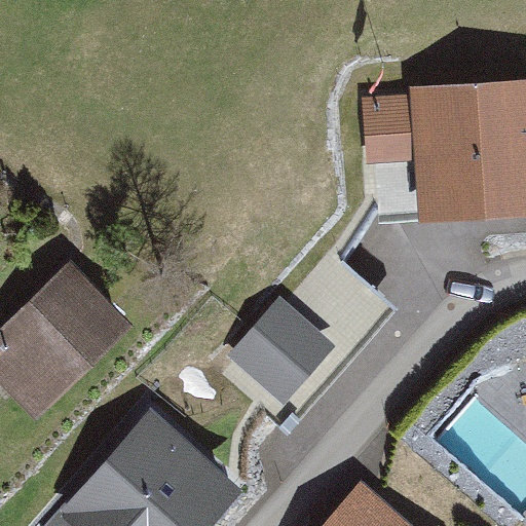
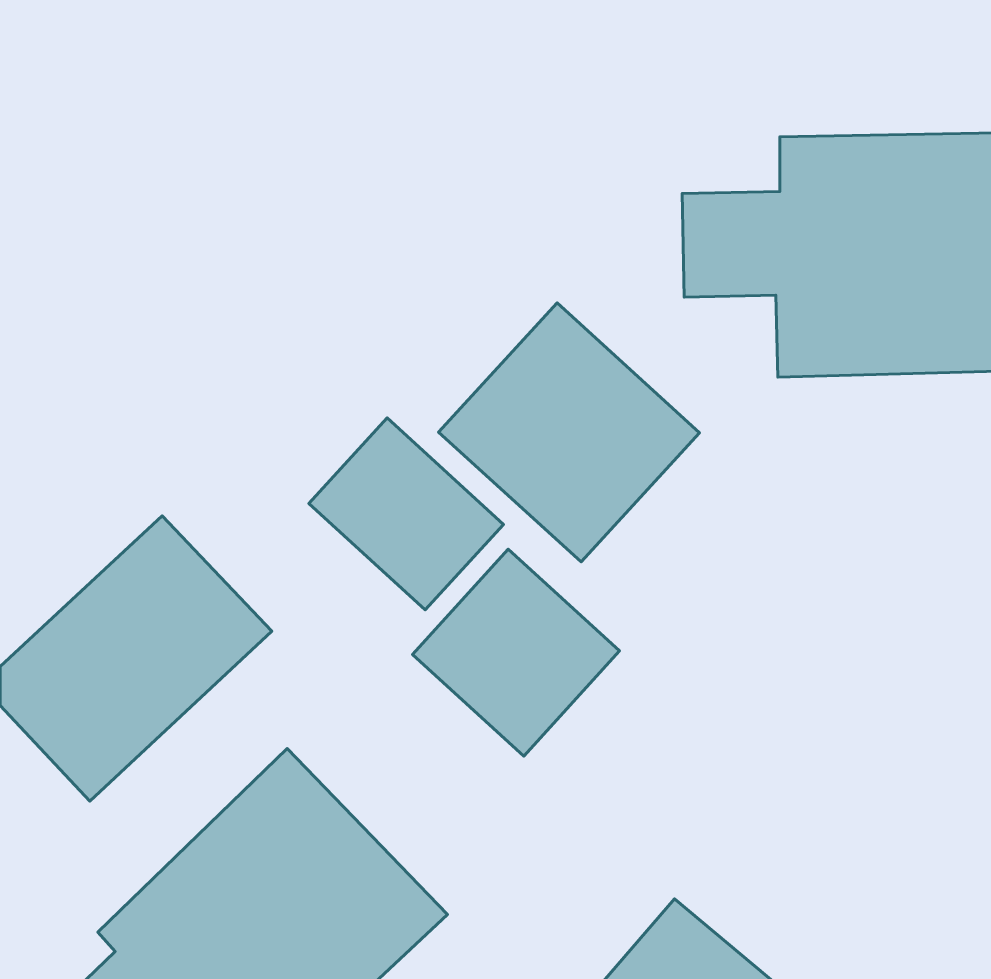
building: none -> [439,303,700,562]
building: none -> [309,418,503,610]

